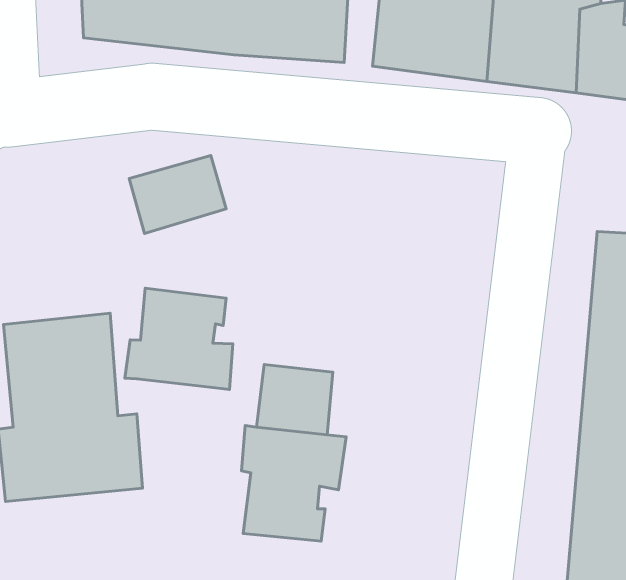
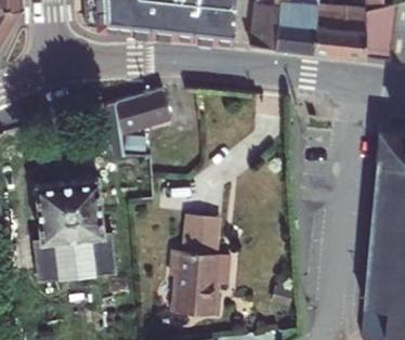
building: [125,288,233,389] -> none

